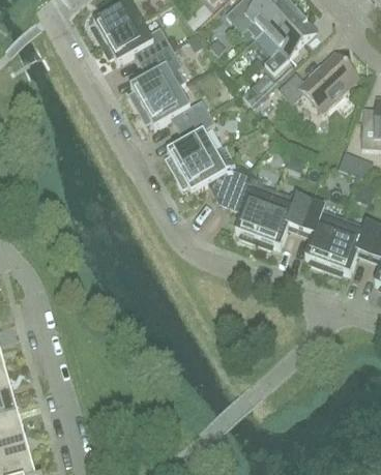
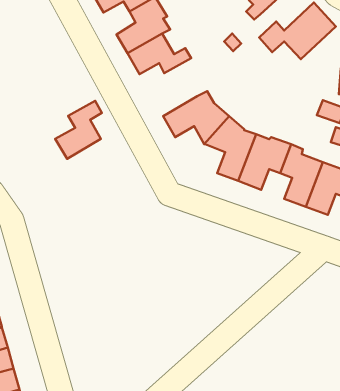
building: [166,109,214,169] -> [55,101,102,159]

